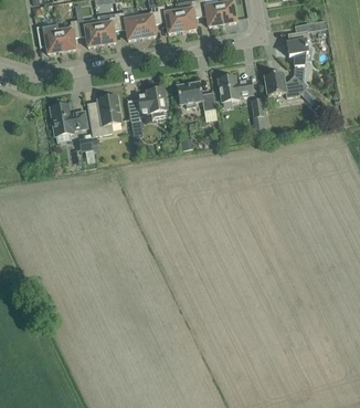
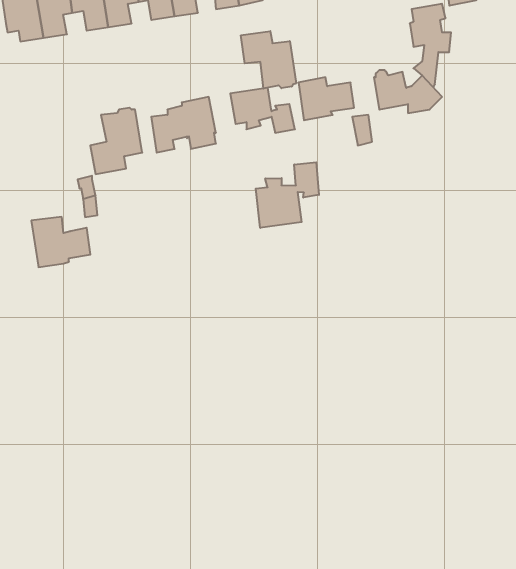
building: none -> [241,31,296,89]
building: [50,103,86,134] -> [31,217,90,267]
building: none -> [256,162,319,228]

